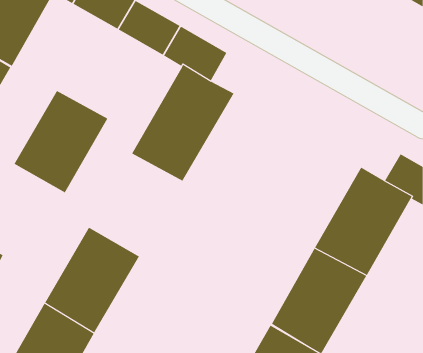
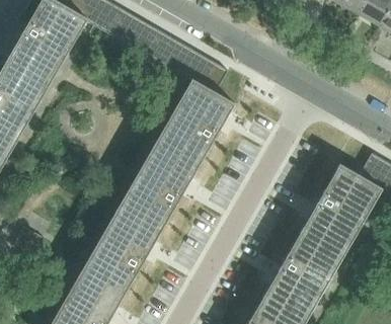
building: [13,90,108,193] -> [113,154,191,239]

